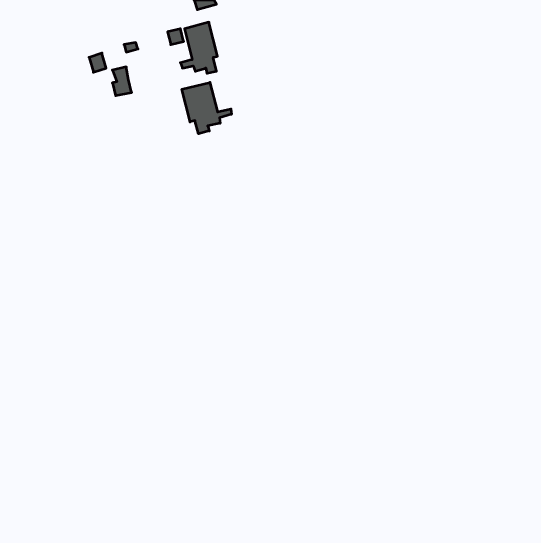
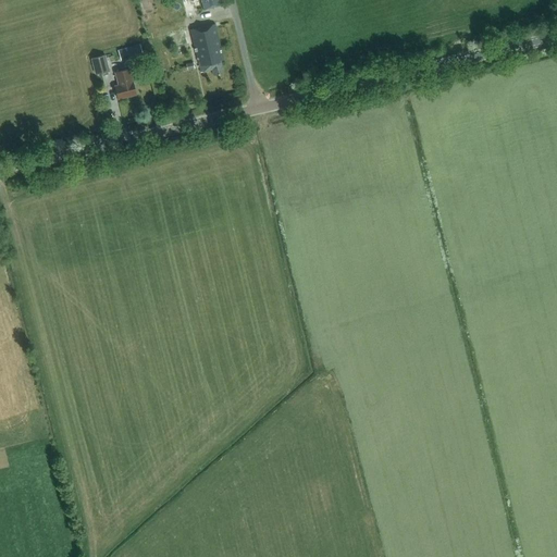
building: [182,82,231,134] -> none

